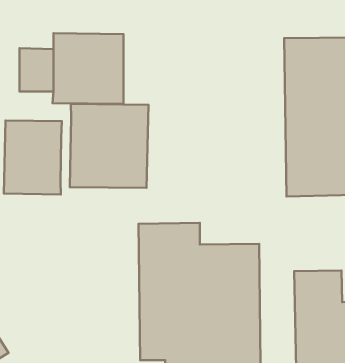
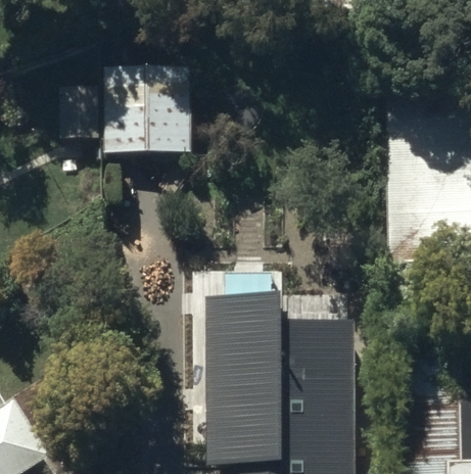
building: [70,104,148,188] -> none
building: [4,121,62,194] -> none

